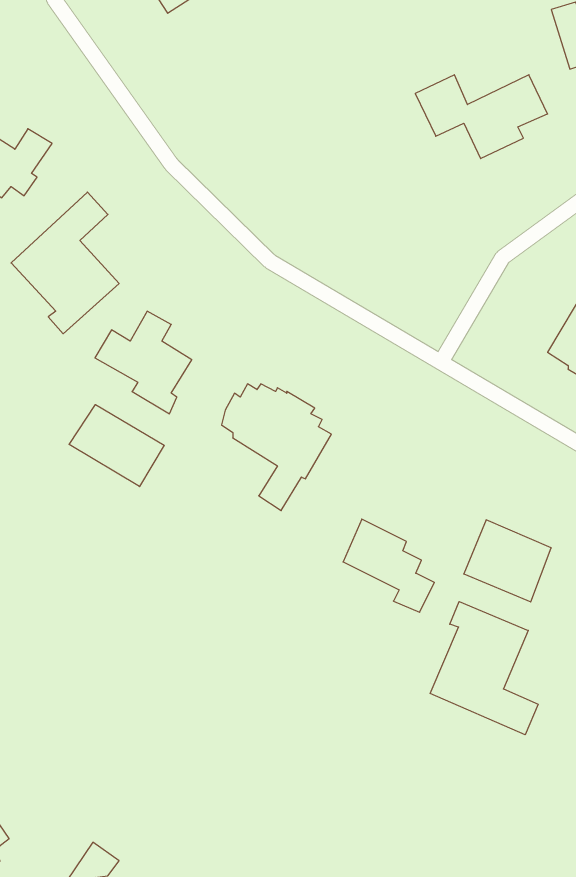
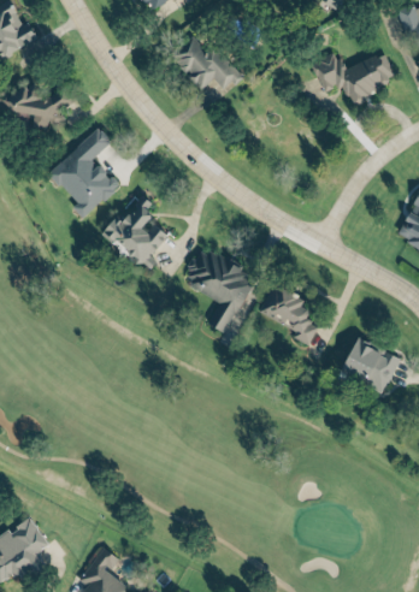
building: none -> [171,34,243,91]
building: [69,405,164,487] -> none
building: [343,519,434,612] -> [260,284,319,344]
building: [430,602,538,735] -> none

